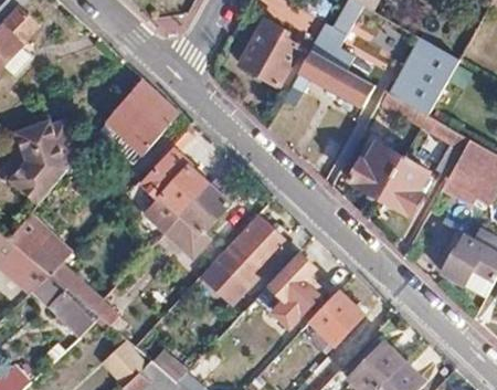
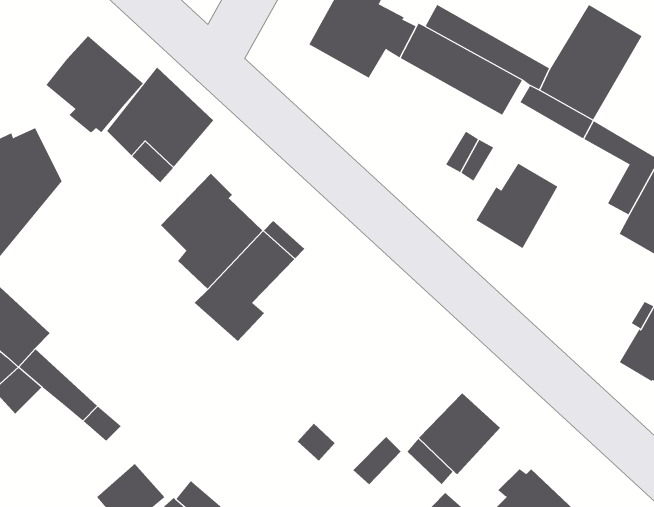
building: none -> [45,35,144,133]
building: [379,157,429,214] -> none
building: [199,218,286,305] -> none
building: [269,253,324,312] -> none
building: [46,291,93,338] -> none

